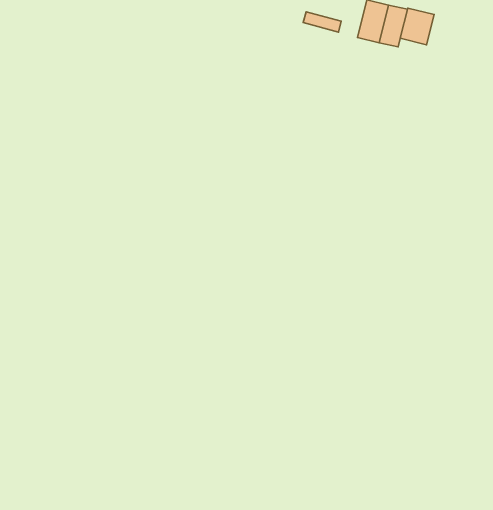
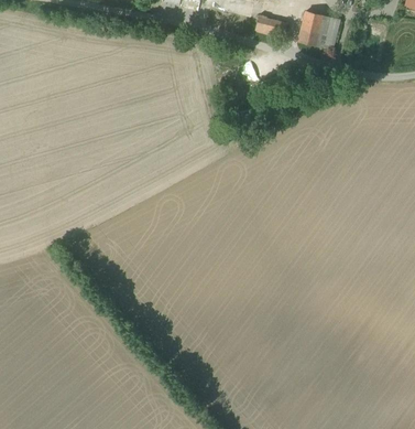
building: [400,8,434,45] -> none

